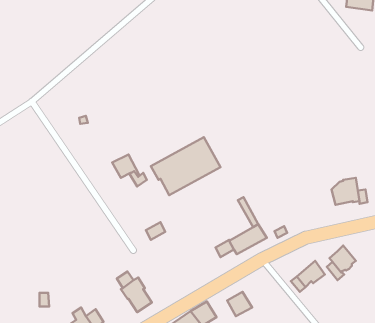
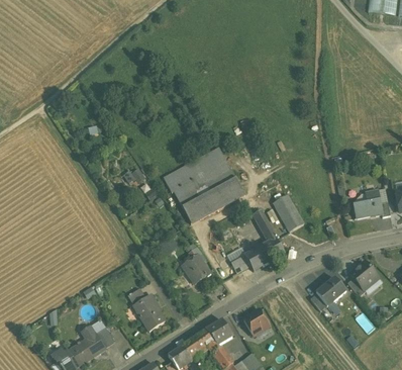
building: none -> [183,179,244,223]
building: none -> [273,194,303,232]
building: none -> [182,255,210,283]

